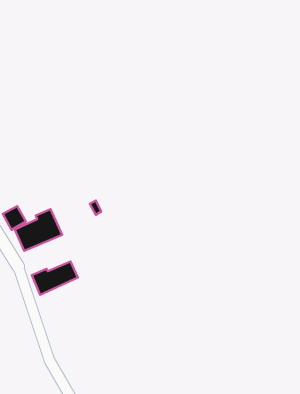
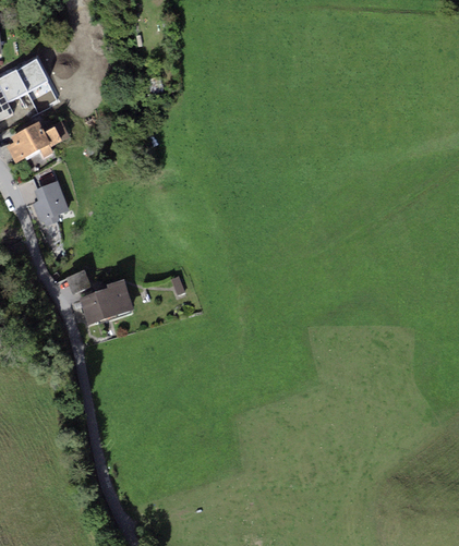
building: [32,261,78,295] -> none

